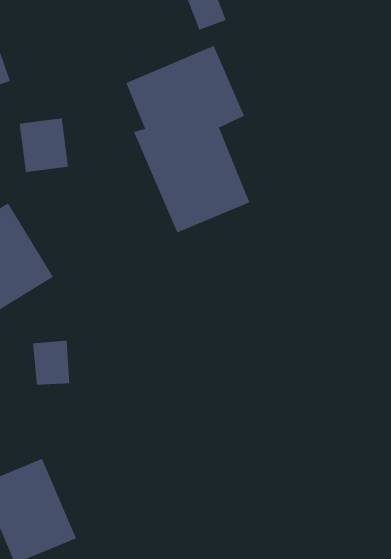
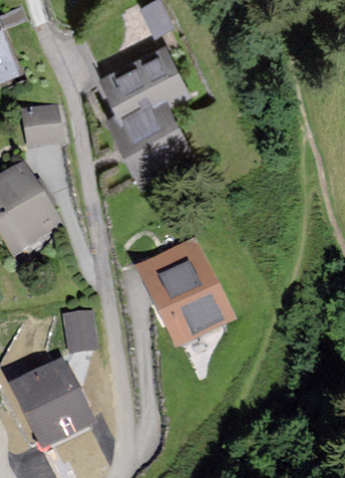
building: none -> [139,240,226,337]
building: [32,340,70,385] -> [63,309,93,344]

